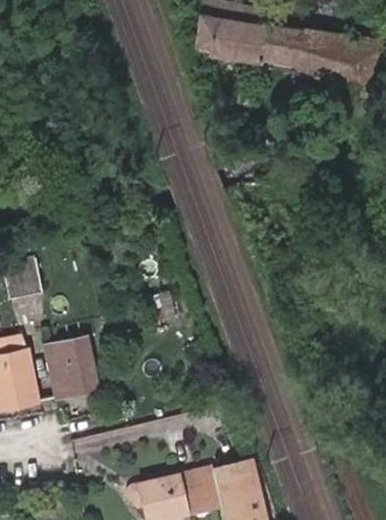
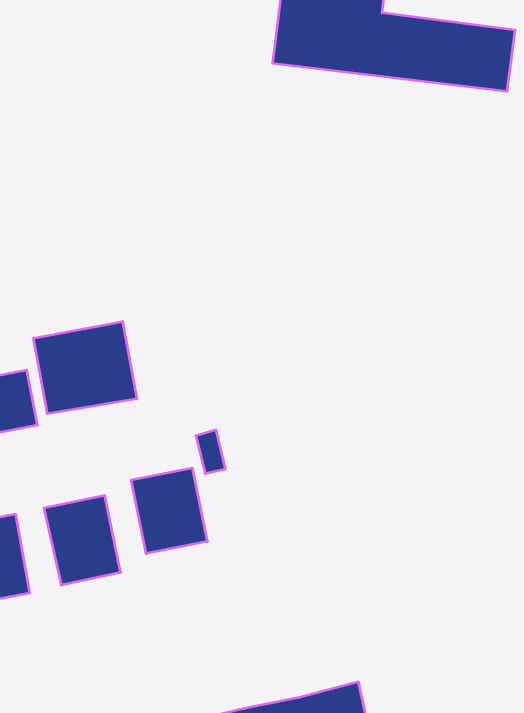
building: none -> [34,321,137,414]
building: none -> [131,468,207,554]

